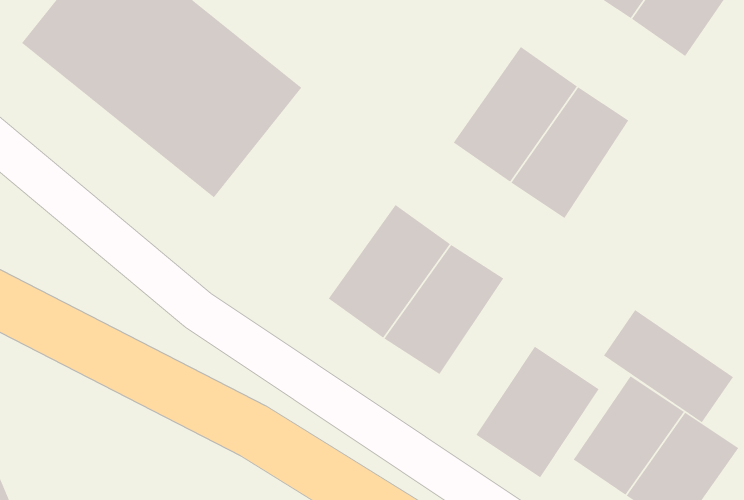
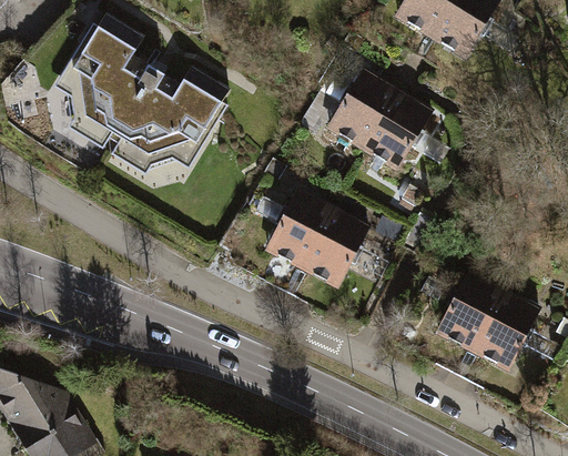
building: [603,309,734,423] -> none
building: [476,346,600,478] -> none

